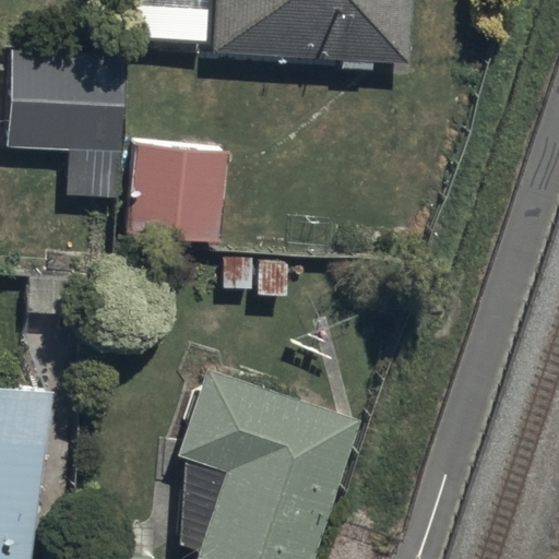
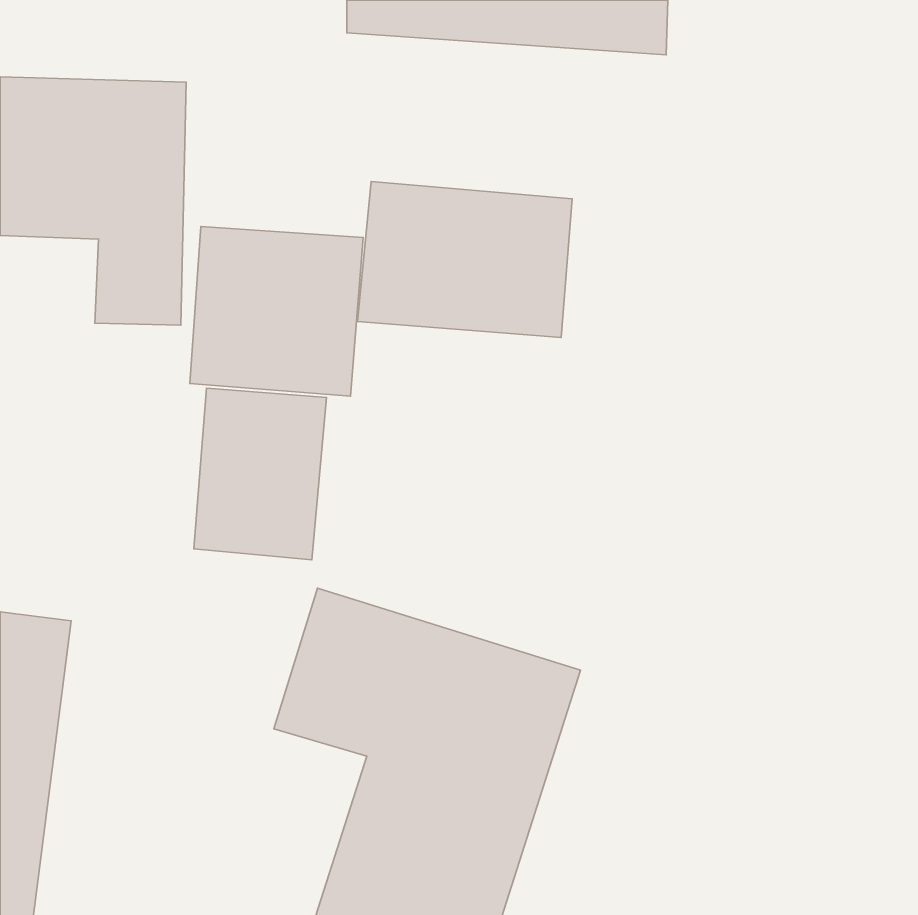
building: none -> [358,181,572,337]
building: none -> [194,388,326,560]

